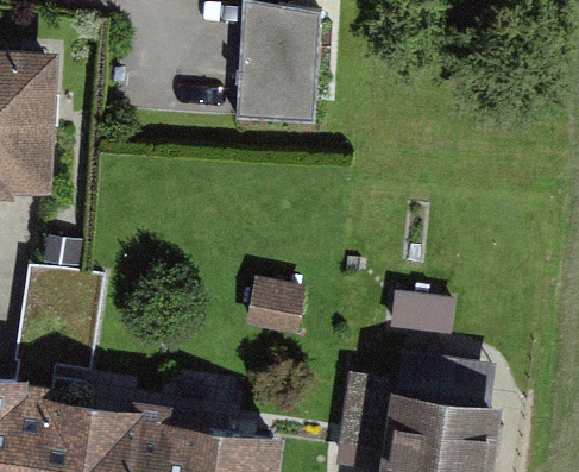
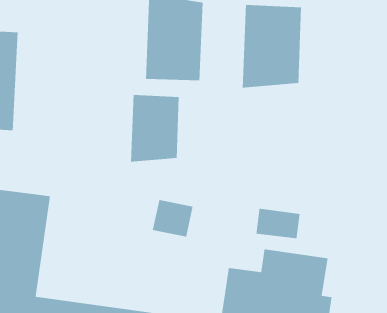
building: none -> [242,4,302,88]
building: none -> [130,94,180,162]

